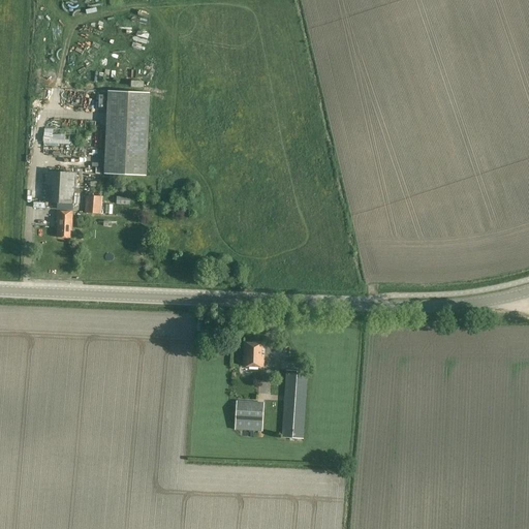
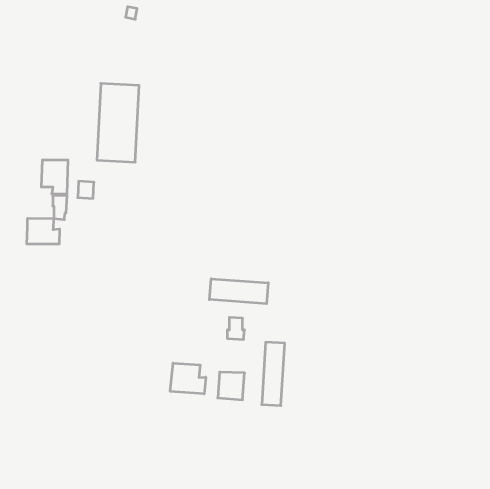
building: none -> [27,218,60,244]
building: none -> [209,279,268,304]
building: none -> [170,363,206,394]

